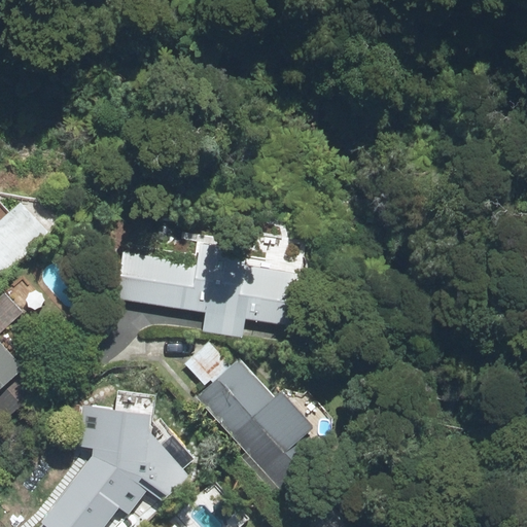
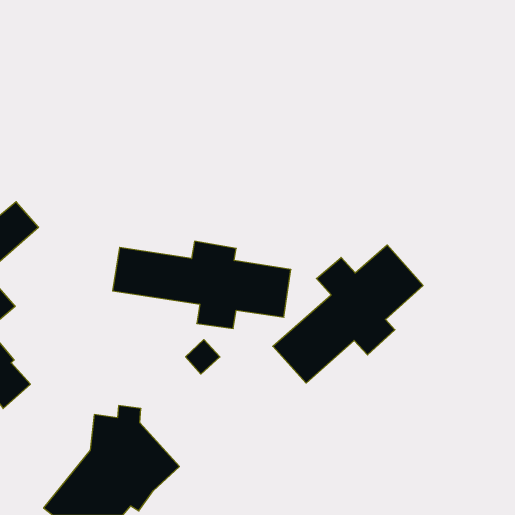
building: none -> [273,245,423,383]
building: [199,360,317,483] -> none

